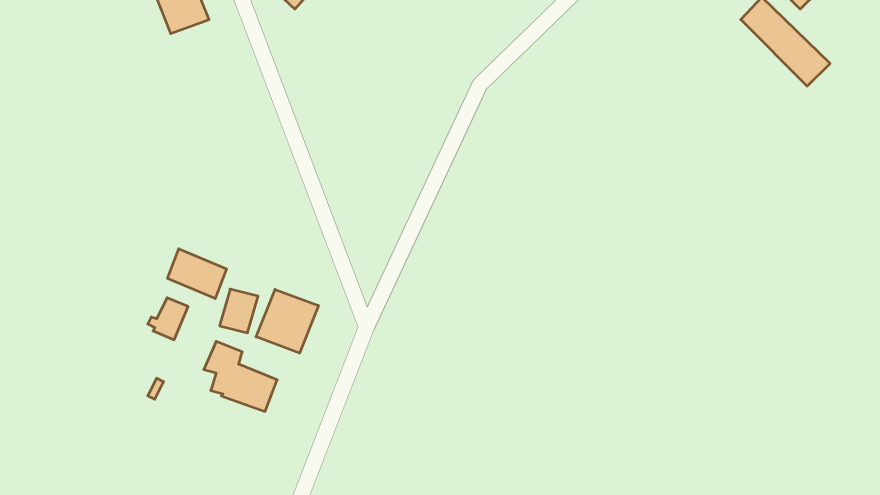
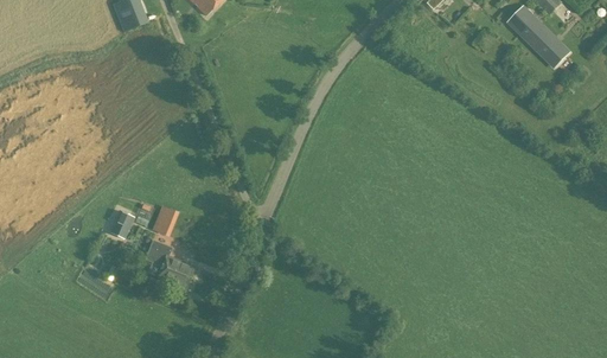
building: [168,249,227,299] -> none
building: [256,289,318,353] -> none

